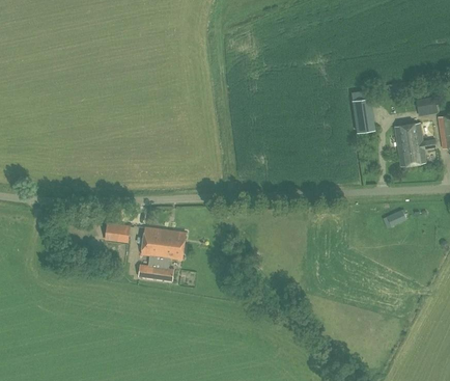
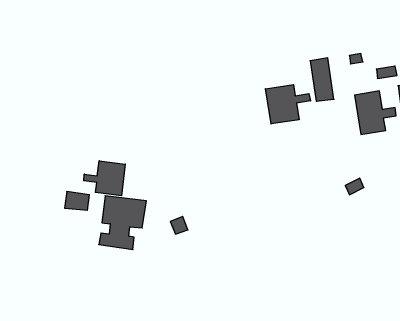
building: none -> [265,85,310,124]
building: none -> [84,161,125,196]

